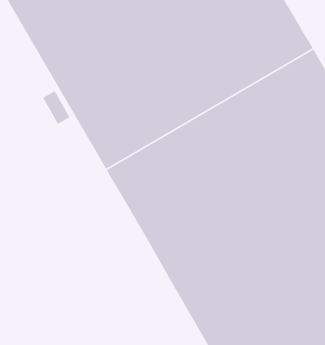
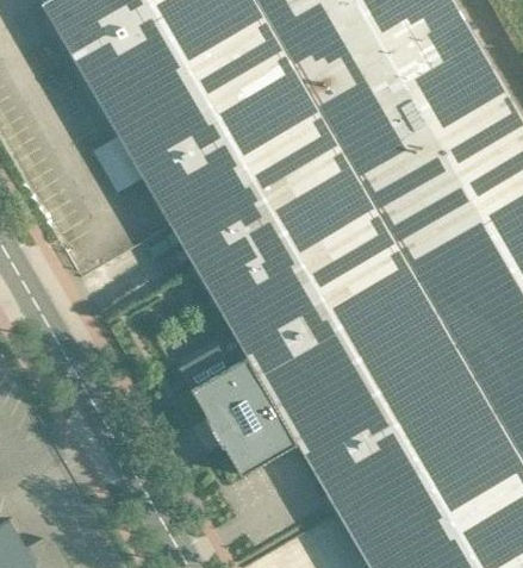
building: none -> [180,343,297,474]

